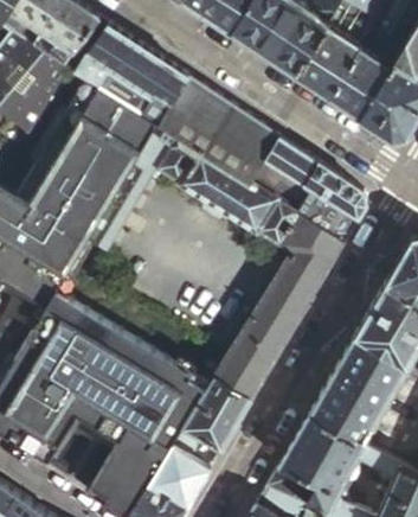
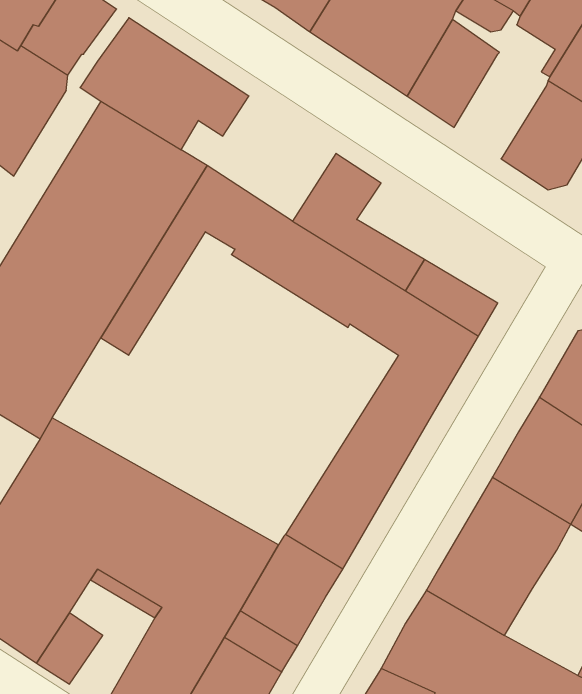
building: [328,50,391,121] -> none
building: [142,78,247,164] -> none
building: [262,138,366,219] -> none

